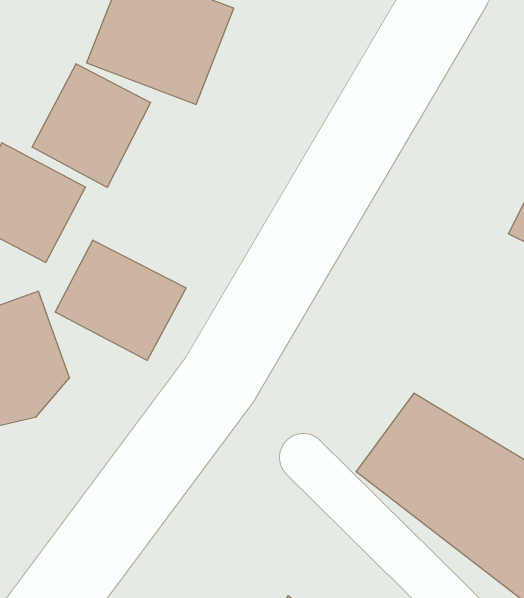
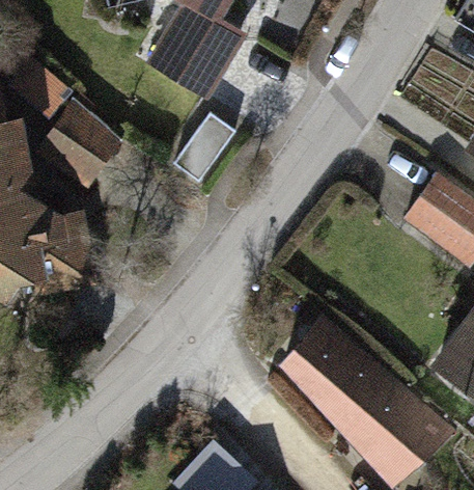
building: [32,64,151,187] -> none
building: [55,240,186,360] -> none

